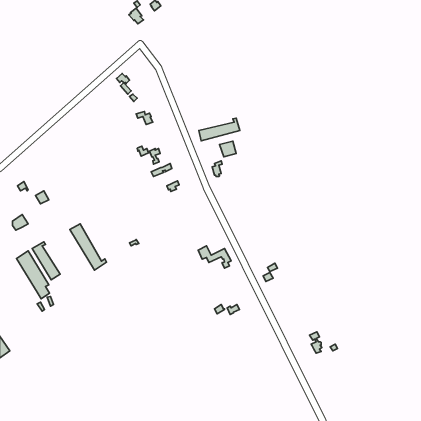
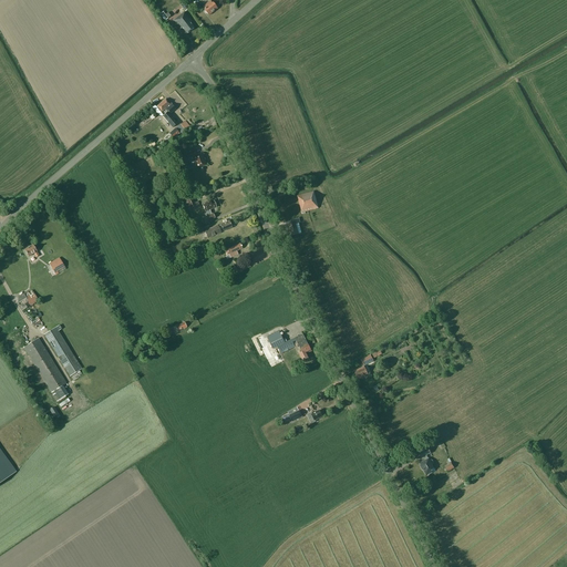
building: [199,118,240,141] -> none
building: [70,224,107,270] -> none

